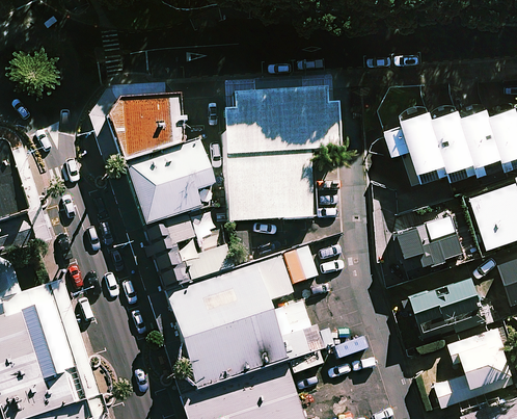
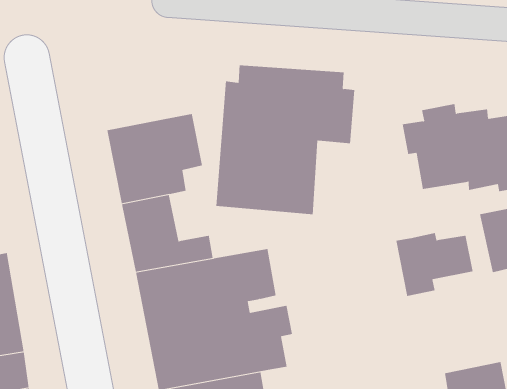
building: [108,101,183,168] -> none
building: [409,271,487,339] -> none

